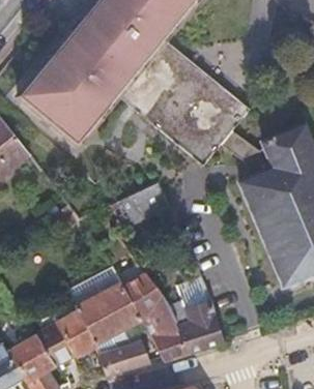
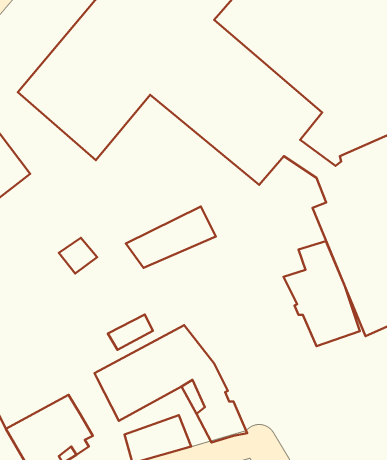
building: [167,274,225,354] -> [284,241,360,346]
building: [56,312,94,356] -> none

